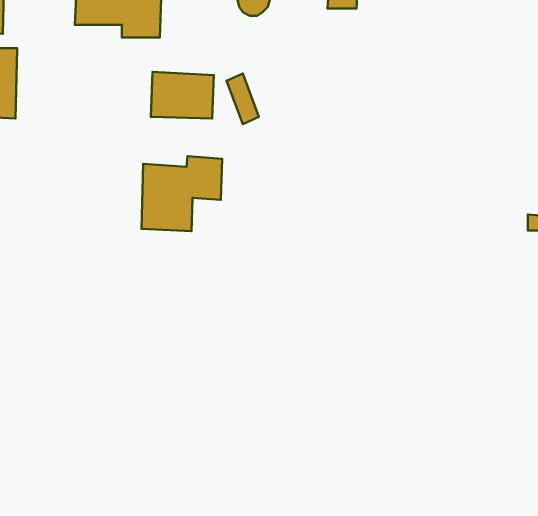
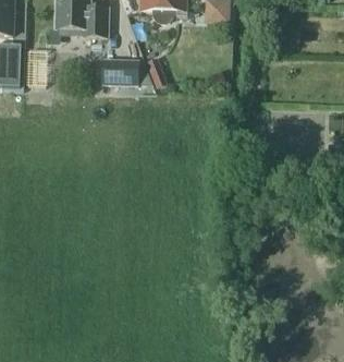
building: [141,156,222,231] -> none

